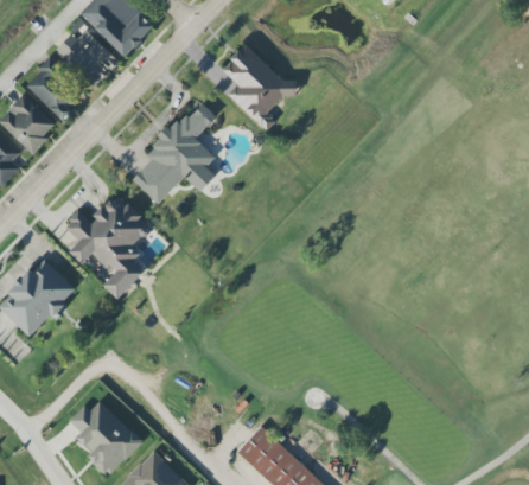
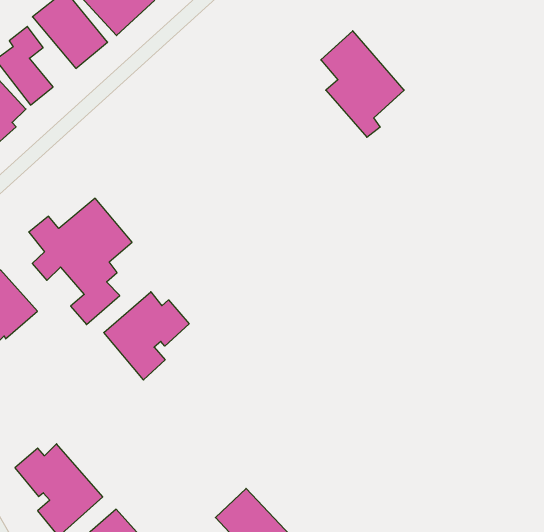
building: [222,43,293,130] -> [321,31,404,137]
building: [132,100,216,204] -> none
building: none -> [104,292,189,380]

